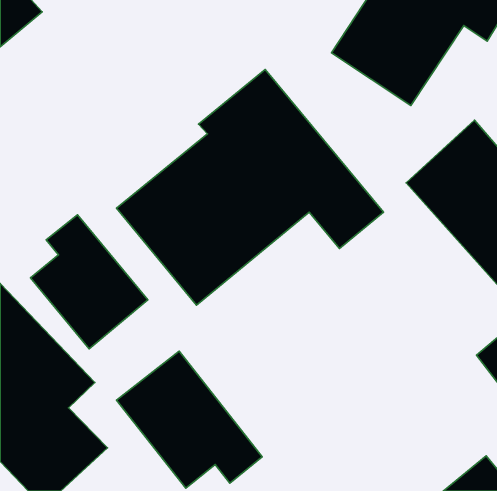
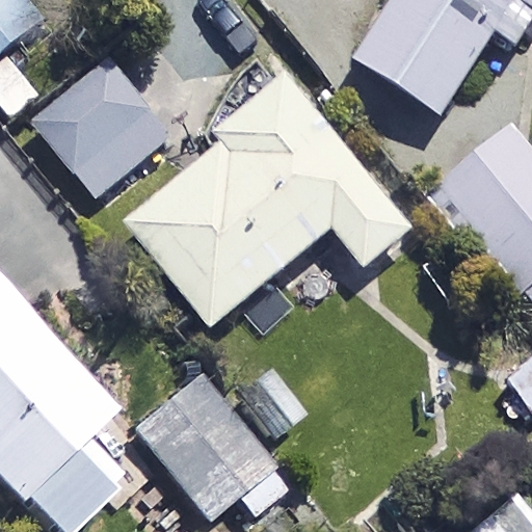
building: none -> [33,58,171,196]
building: [31,215,148,349] -> none

